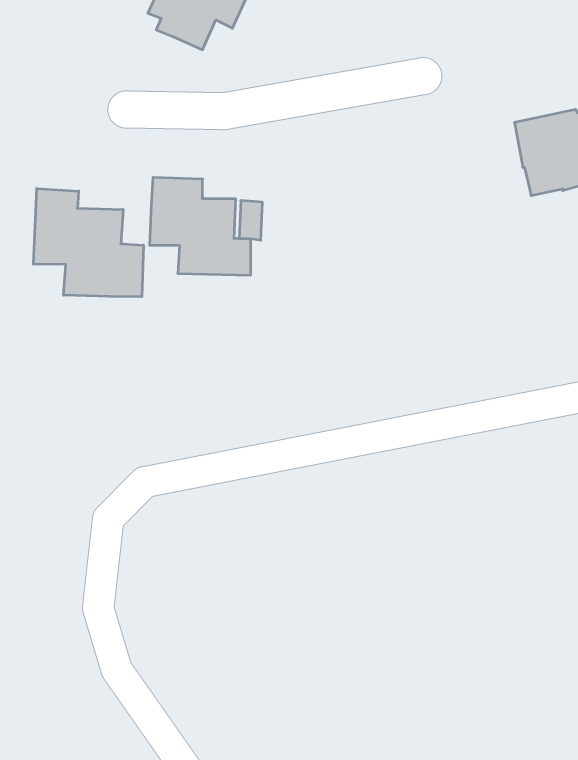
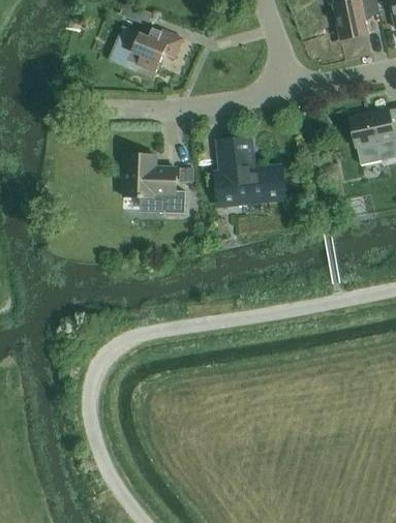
building: none -> [218,140,283,205]
building: [33,188,143,297] -> none

